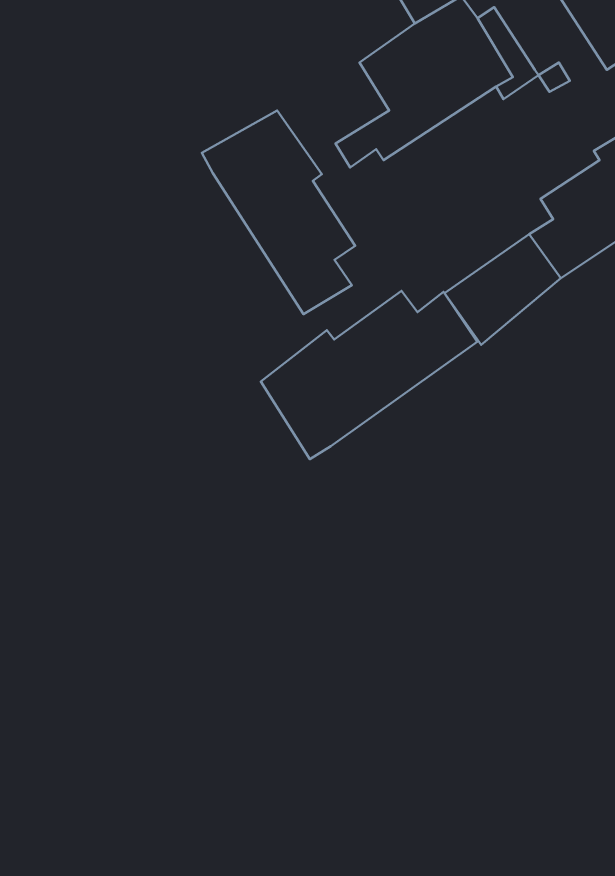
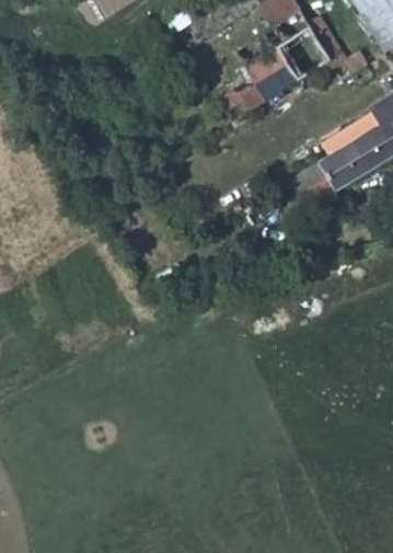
building: [202,110,355,314] -> none
building: [261,291,477,459] -> none

